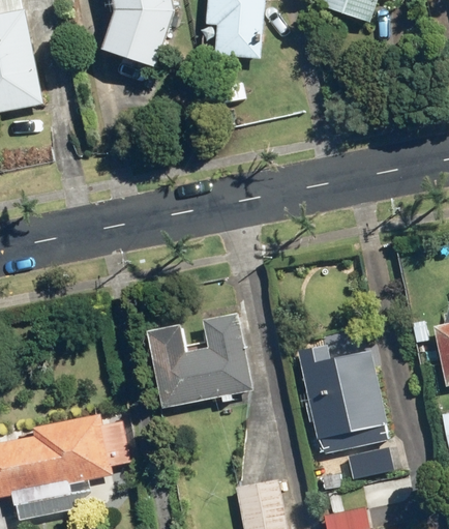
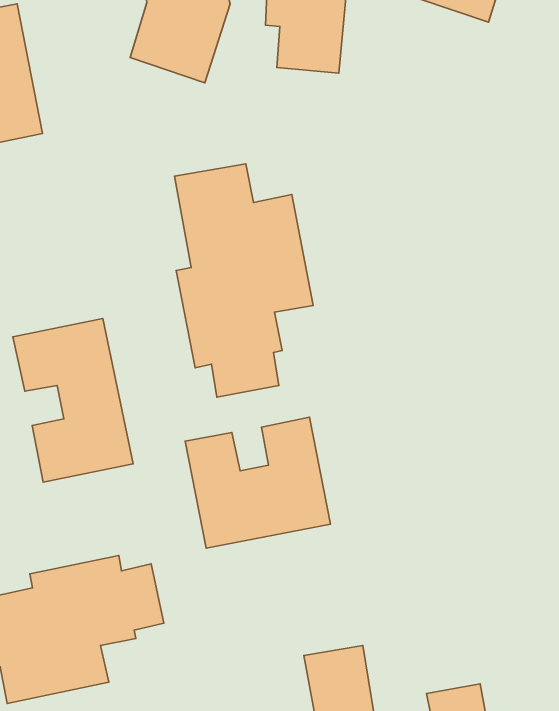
building: none -> [174,164,313,397]
building: none -> [13,319,133,482]
building: [298,335,395,481] -> none

